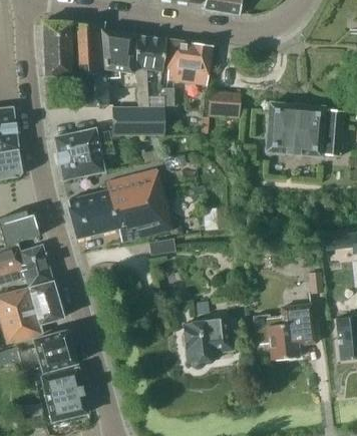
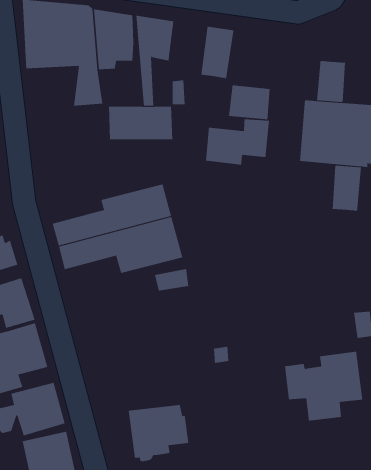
building: [165,40,191,82] -> none
building: none -> [316,60,345,103]
building: none -> [205,118,269,166]
building: [53,130,103,180] -> none
building: none -> [332,165,361,212]
building: [184,319,233,365] -> [128,404,189,462]

